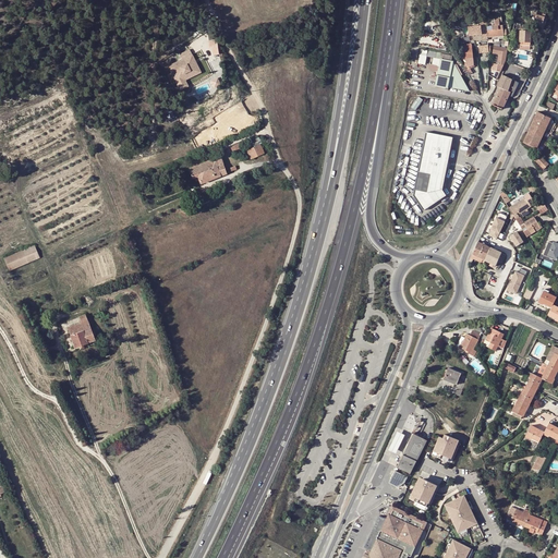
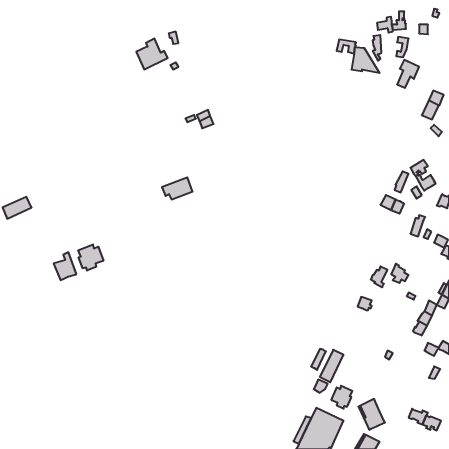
building: [414,132,453,213] -> none
building: [189,157,227,184] -> [162,177,193,199]
building: none -> [78,244,103,271]
building: [433,434,459,462] -> none

